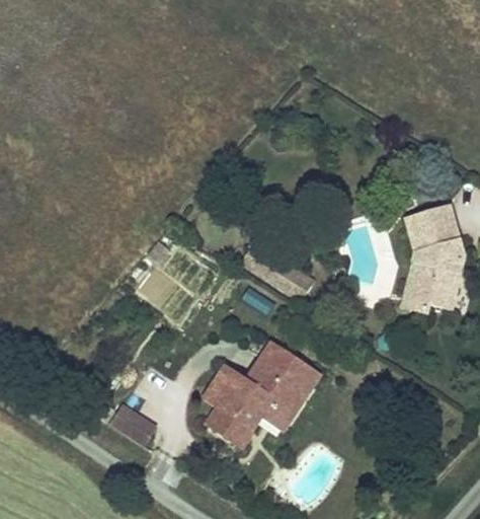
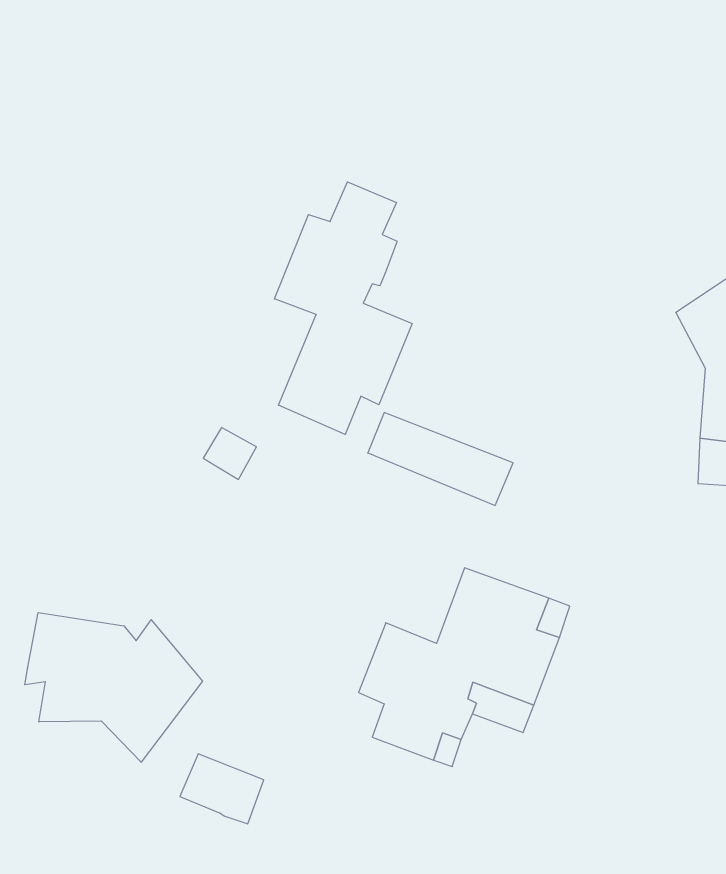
building: none -> [274,182,412,434]
building: none -> [25,613,202,762]

